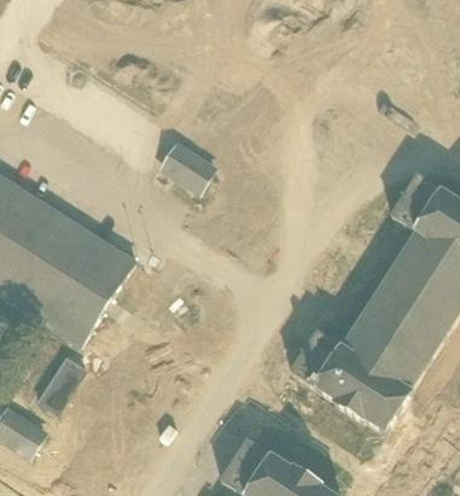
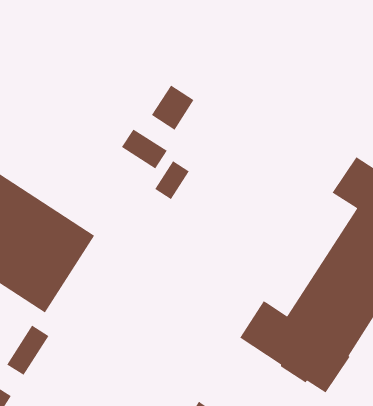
building: none -> [151,84,195,131]
building: none -> [154,160,190,200]

